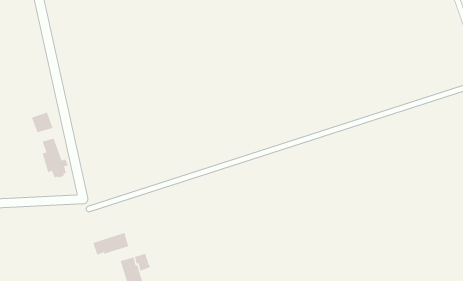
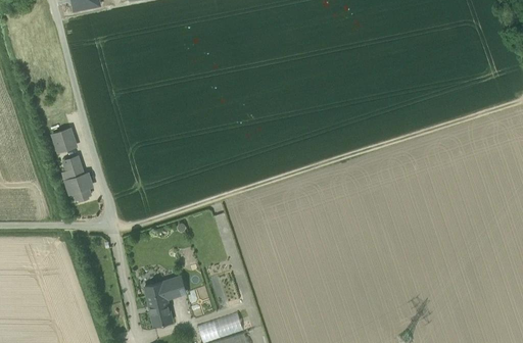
building: [92,232,129,255] -> none

